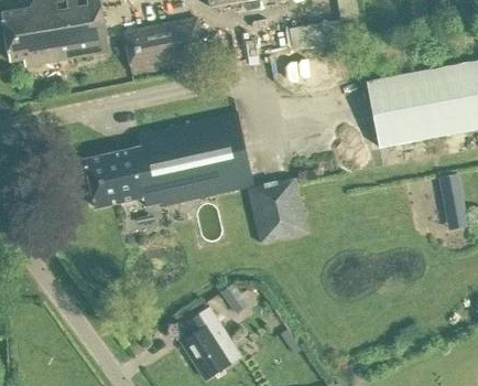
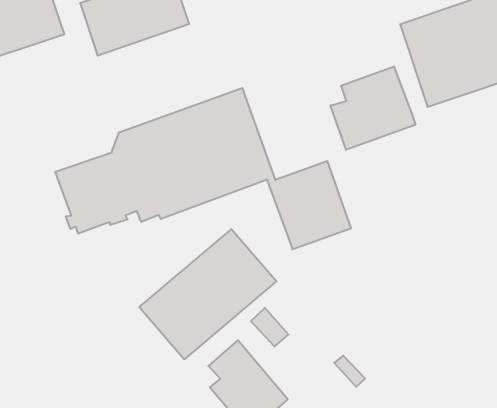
building: none -> [331,66,416,150]
building: none -> [139,229,276,359]

